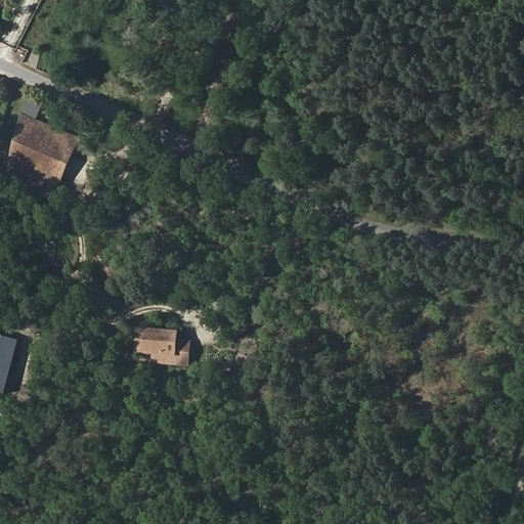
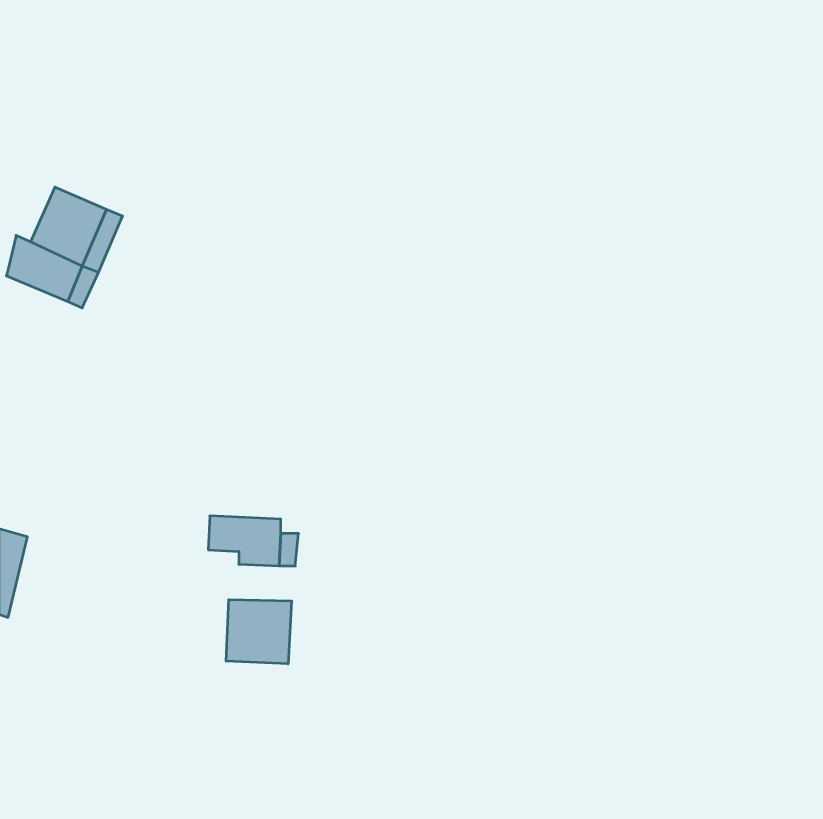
building: [10,113,35,154] -> none
building: none -> [226,600,292,664]

